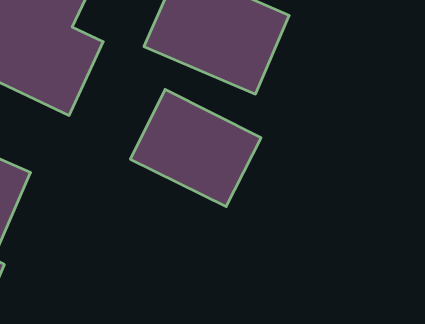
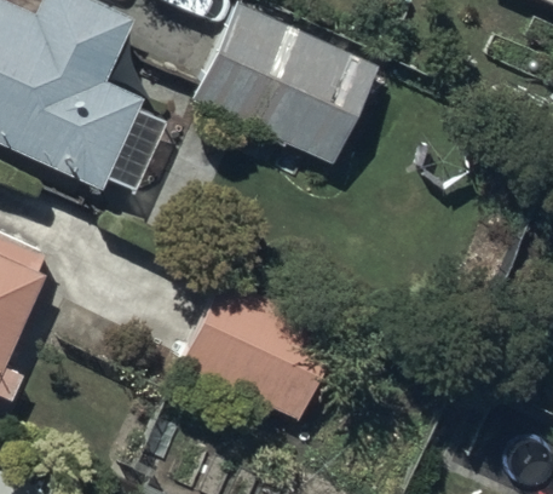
building: [130,89,261,207] -> [179,281,342,427]

